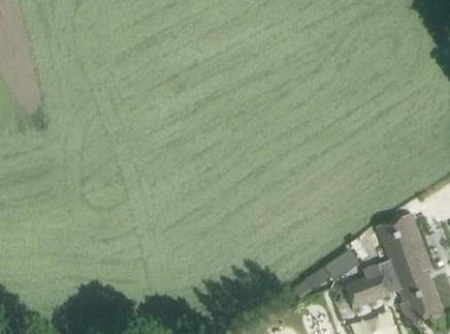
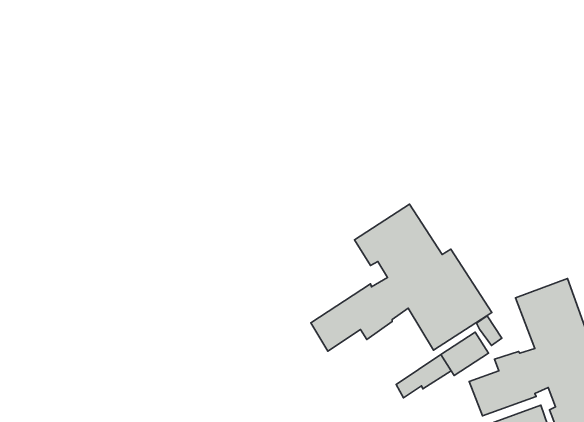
building: none -> [311,204,492,351]

